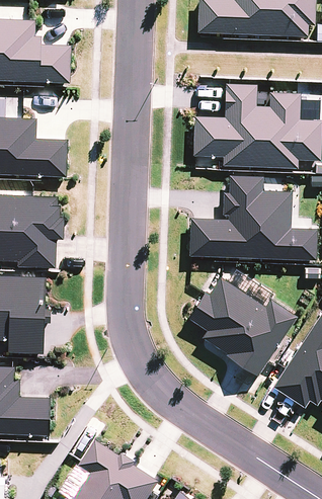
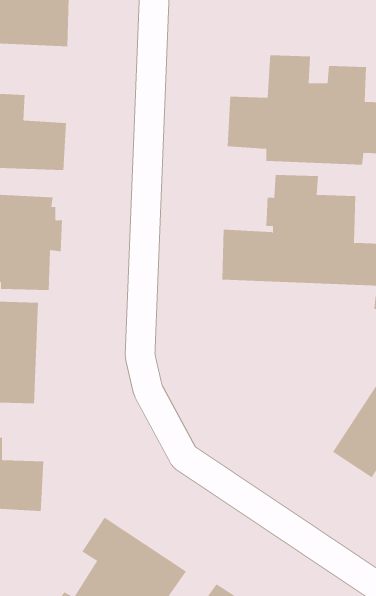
building: [185,278,295,376] -> none

